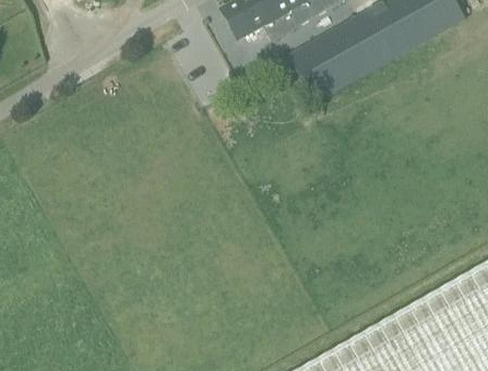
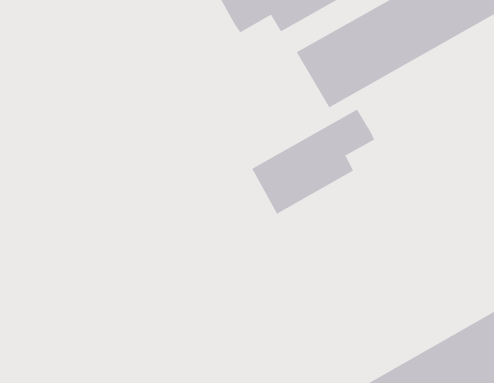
building: none -> [251,109,375,215]

